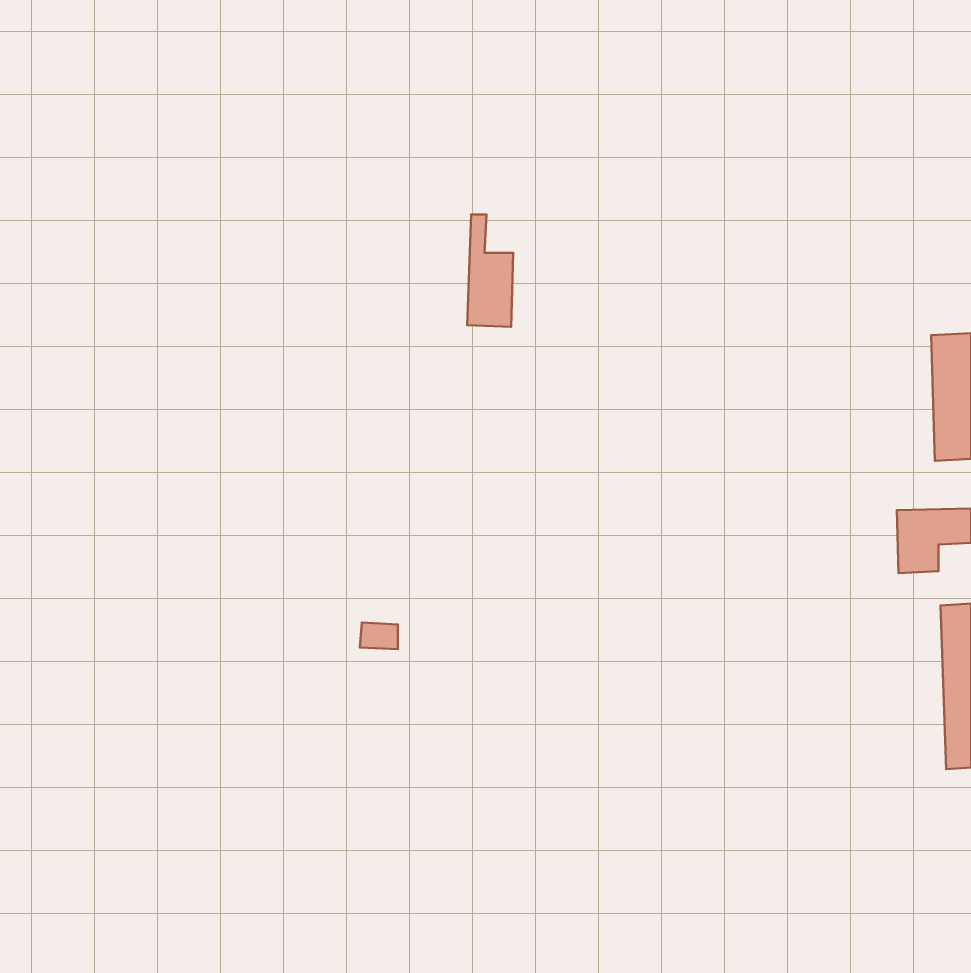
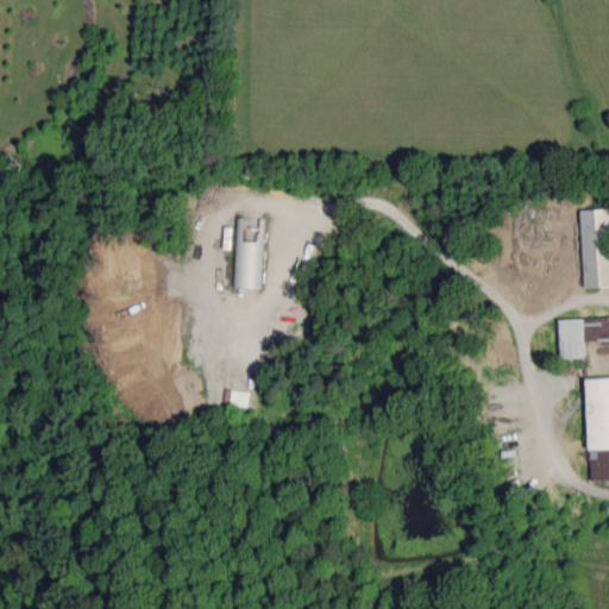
building: [467,215,513,327] -> [233,218,262,288]

